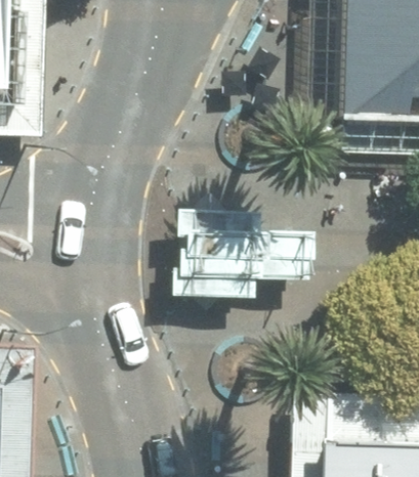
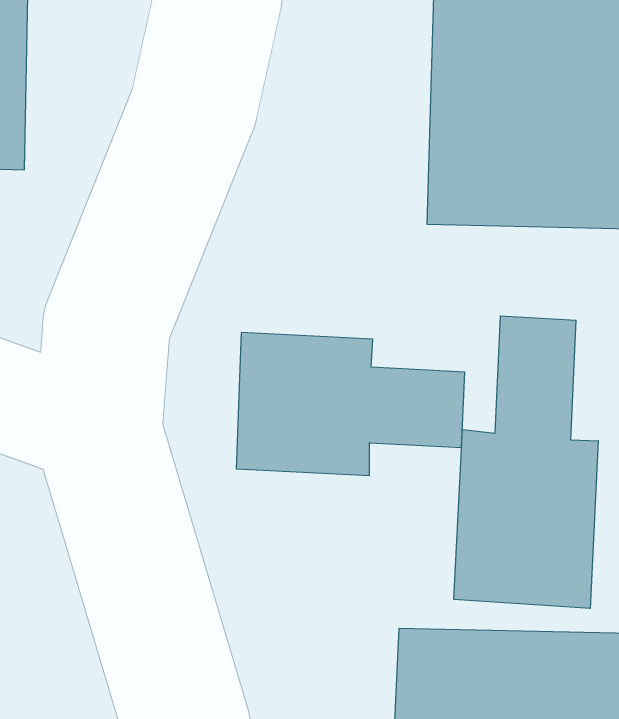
building: none -> [454,316,598,608]

